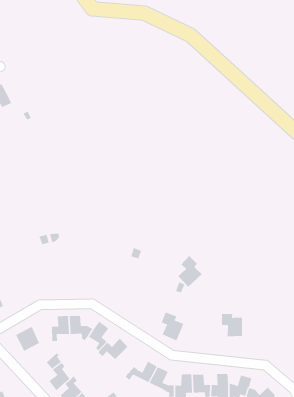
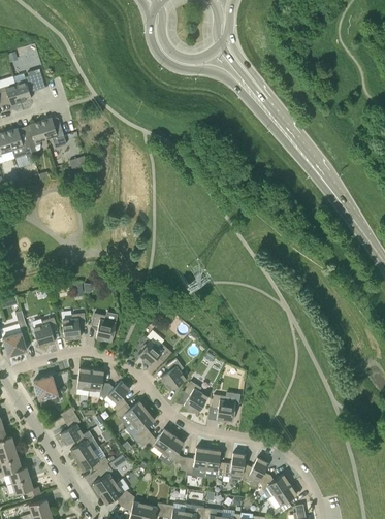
building: [177,255,202,288] -> [160,358,186,391]
building: none -> [91,314,116,342]
building: none -> [62,314,86,339]
building: none -> [33,318,58,347]
building: none -> [137,340,170,366]
building: [221,313,243,337] -> [212,395,235,422]
building: none -> [130,412,155,443]

